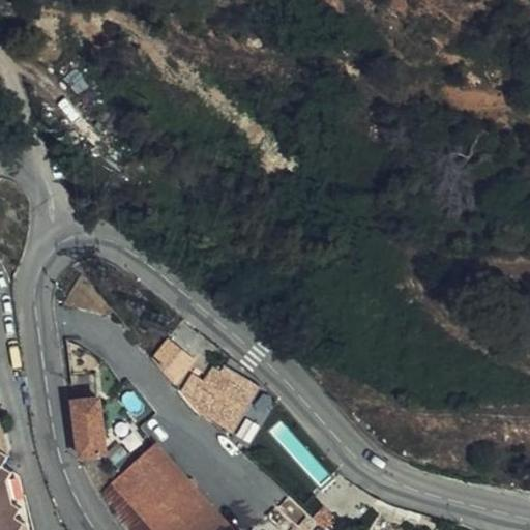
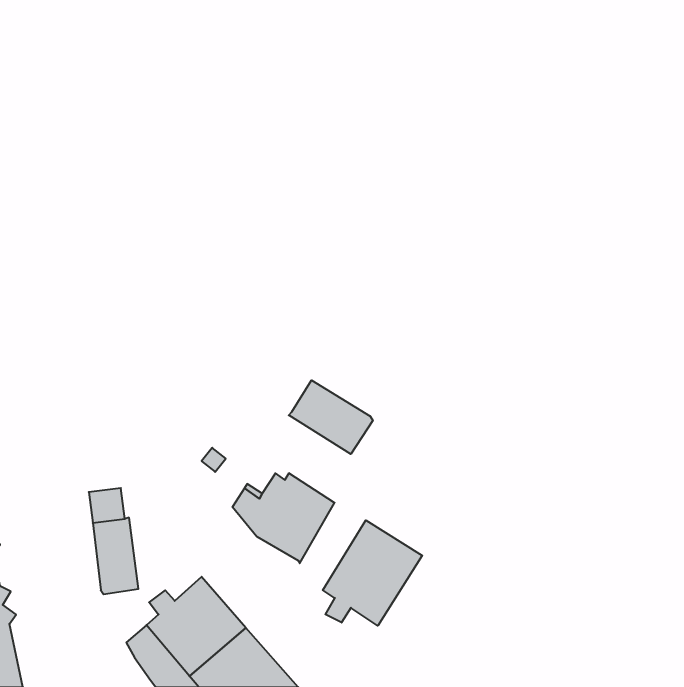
building: none -> [289,380,373,454]
building: none -> [323,520,422,626]

